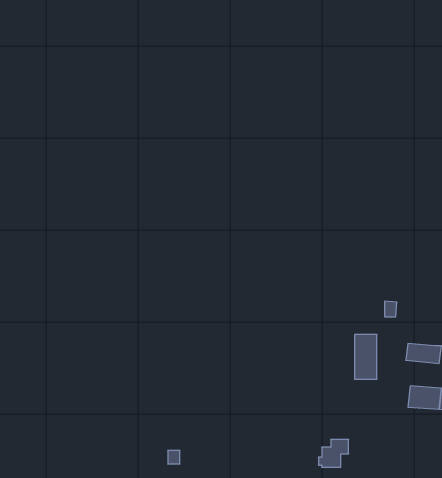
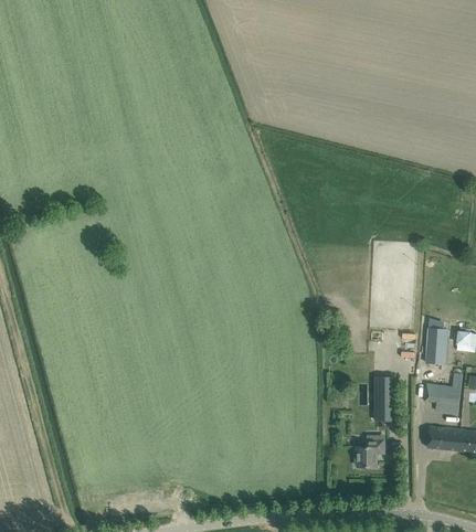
building: none -> [425,328,445,363]
building: [318,439,349,467] -> [353,438,383,466]

